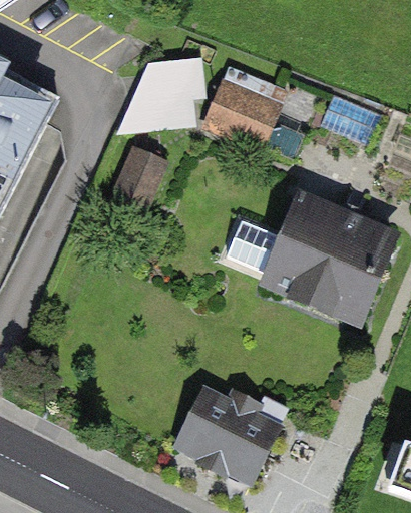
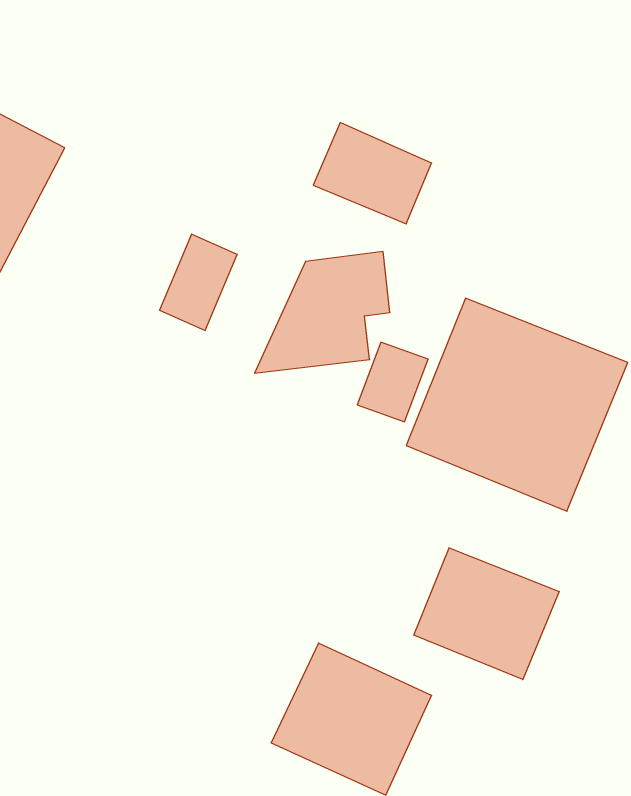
building: [123,58,203,130] -> [255,252,390,373]
building: none -> [414,548,559,680]

